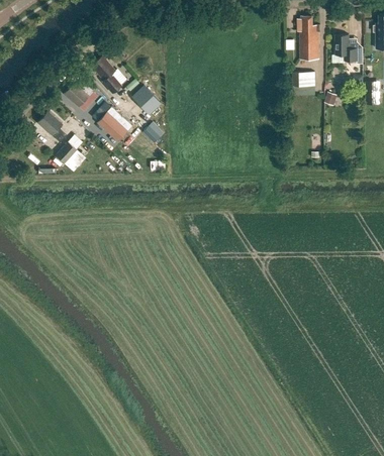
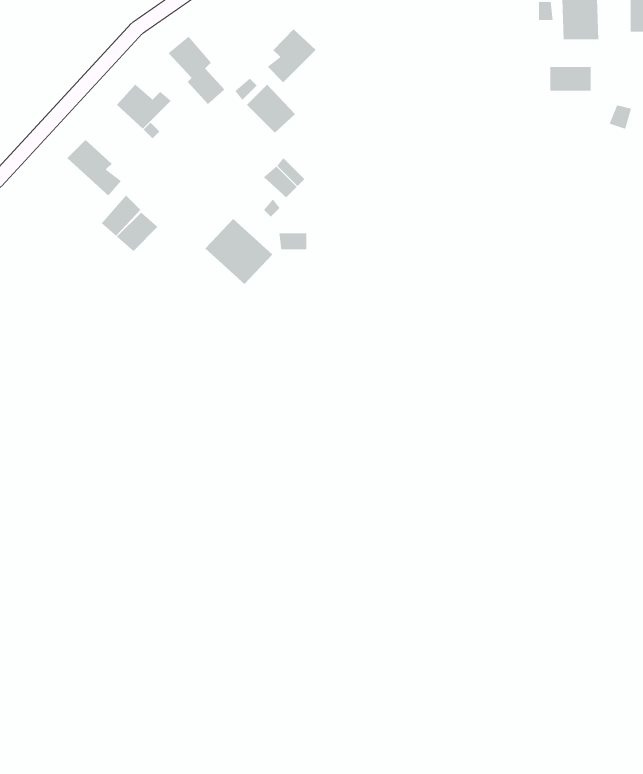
building: none -> [267,28,317,83]
building: [97,107,133,142] -> [204,218,273,285]

